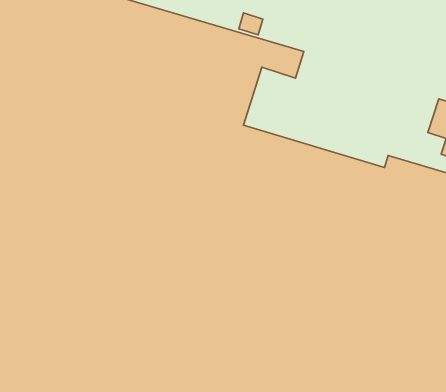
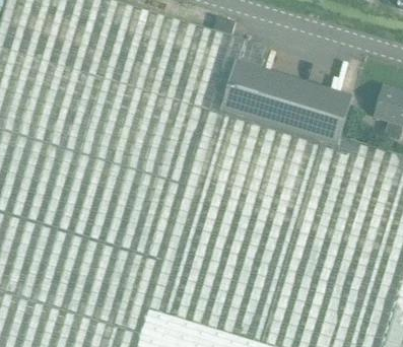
building: none -> [218,63,351,147]

